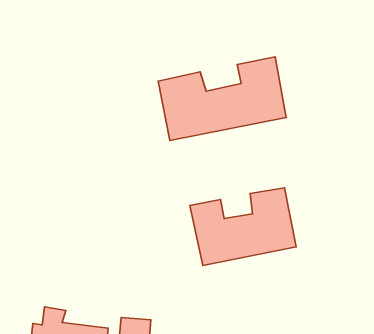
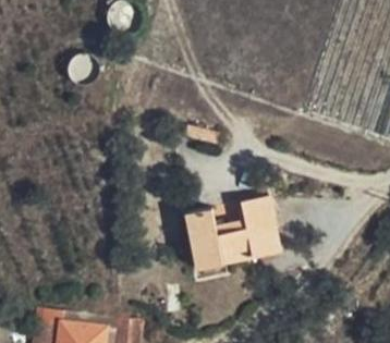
building: [158,57,286,140] -> none

